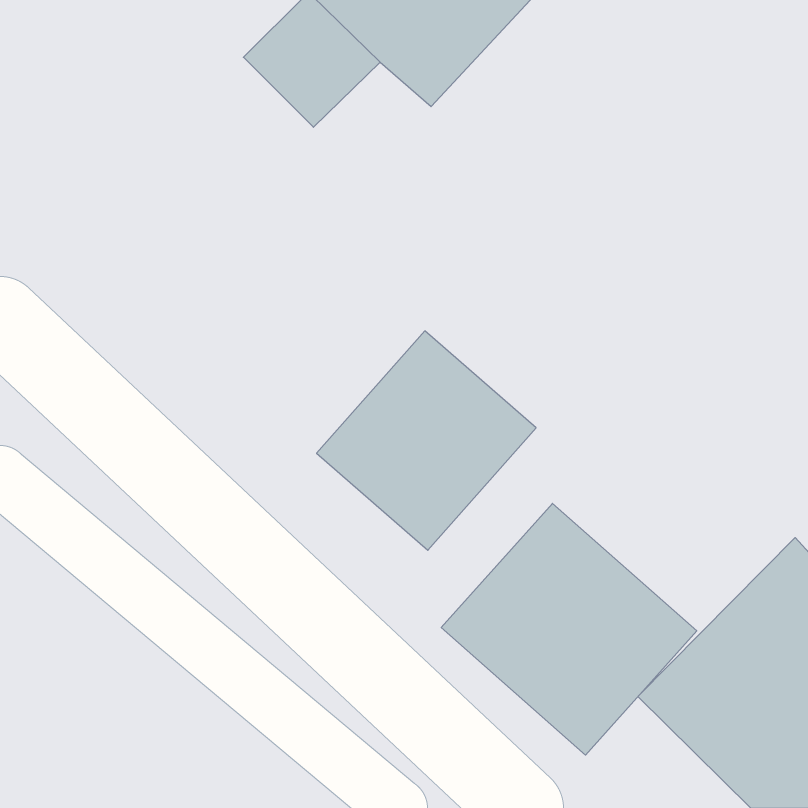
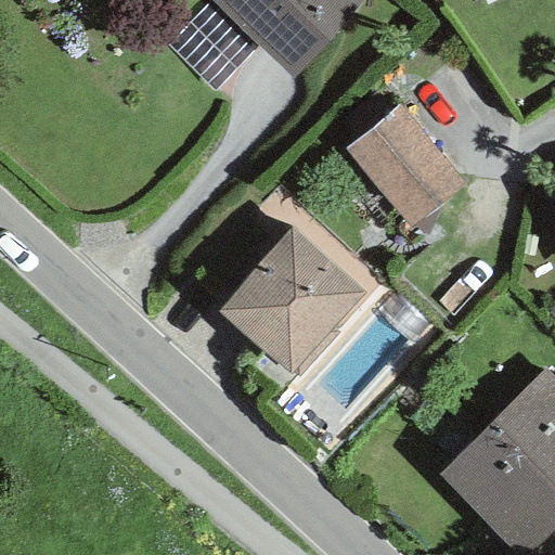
building: none -> [348,102,468,228]
building: [441,503,697,755] -> none

